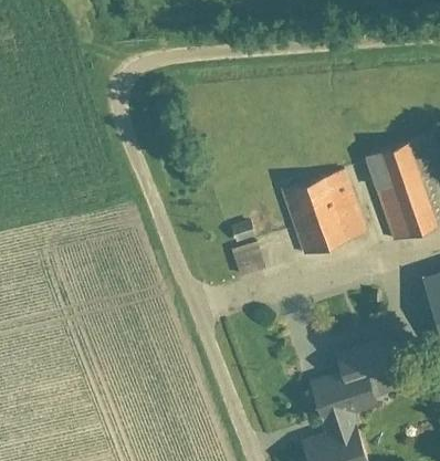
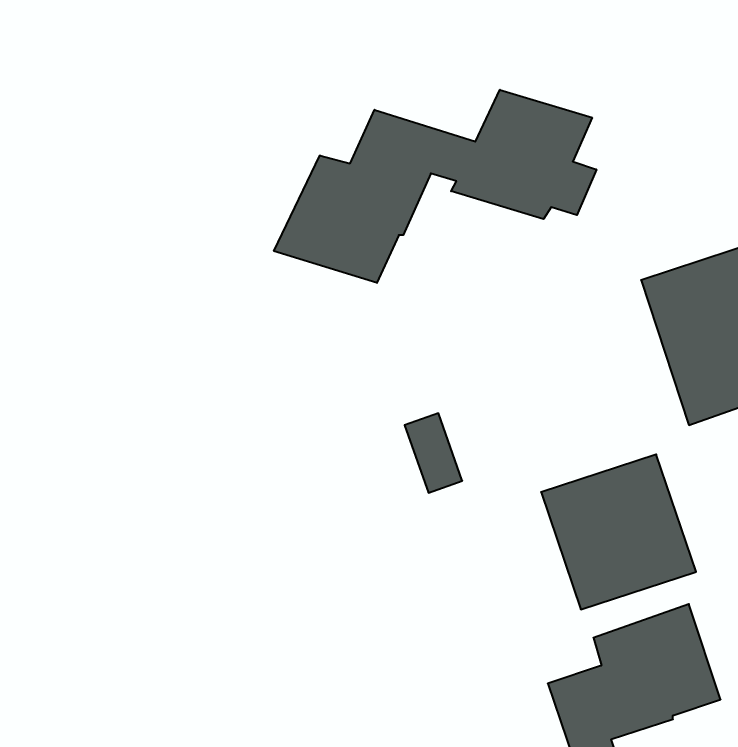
building: none -> [274,90,596,283]
building: [281,169,367,255] -> [541,454,696,609]

